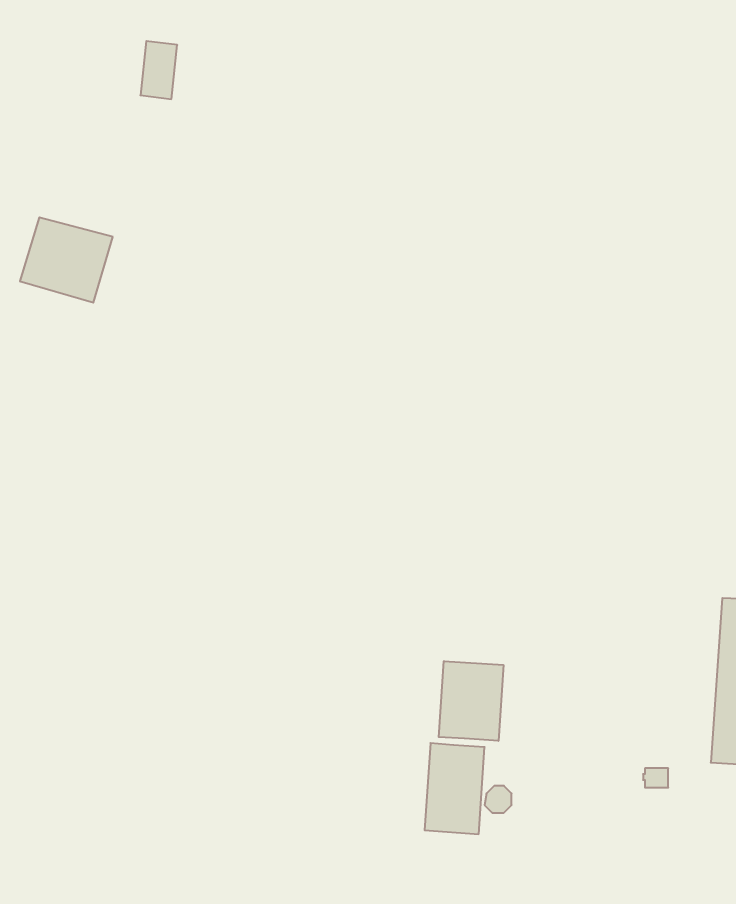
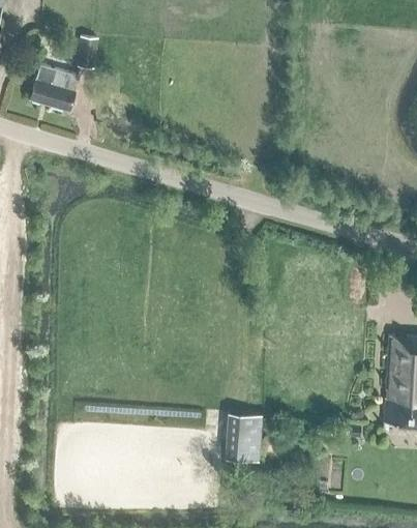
building: [20,217,113,303] -> [30,66,80,112]
building: [439,661,503,741] -> none

